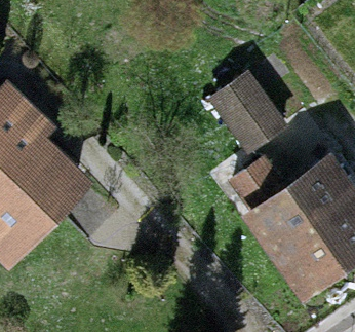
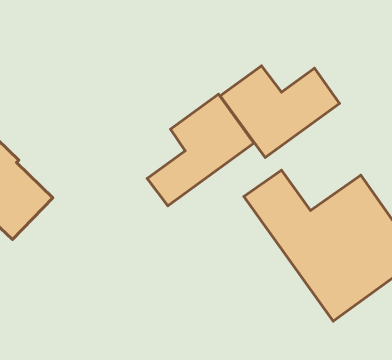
building: none -> [147,94,254,206]

